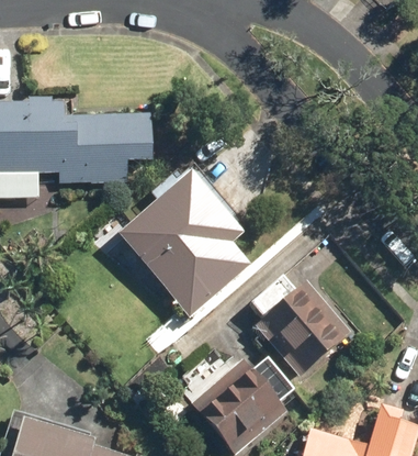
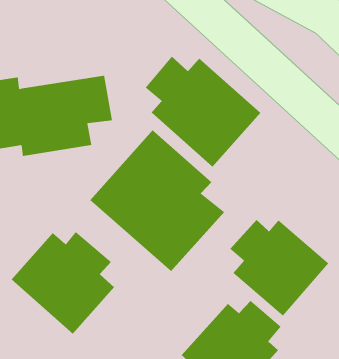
building: none -> [145,56,261,167]
building: none -> [11,231,115,335]

